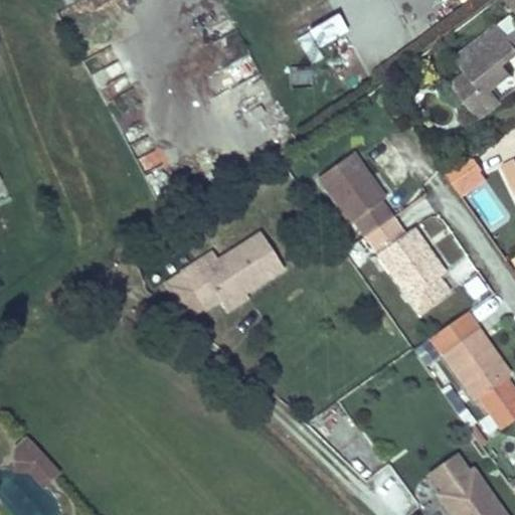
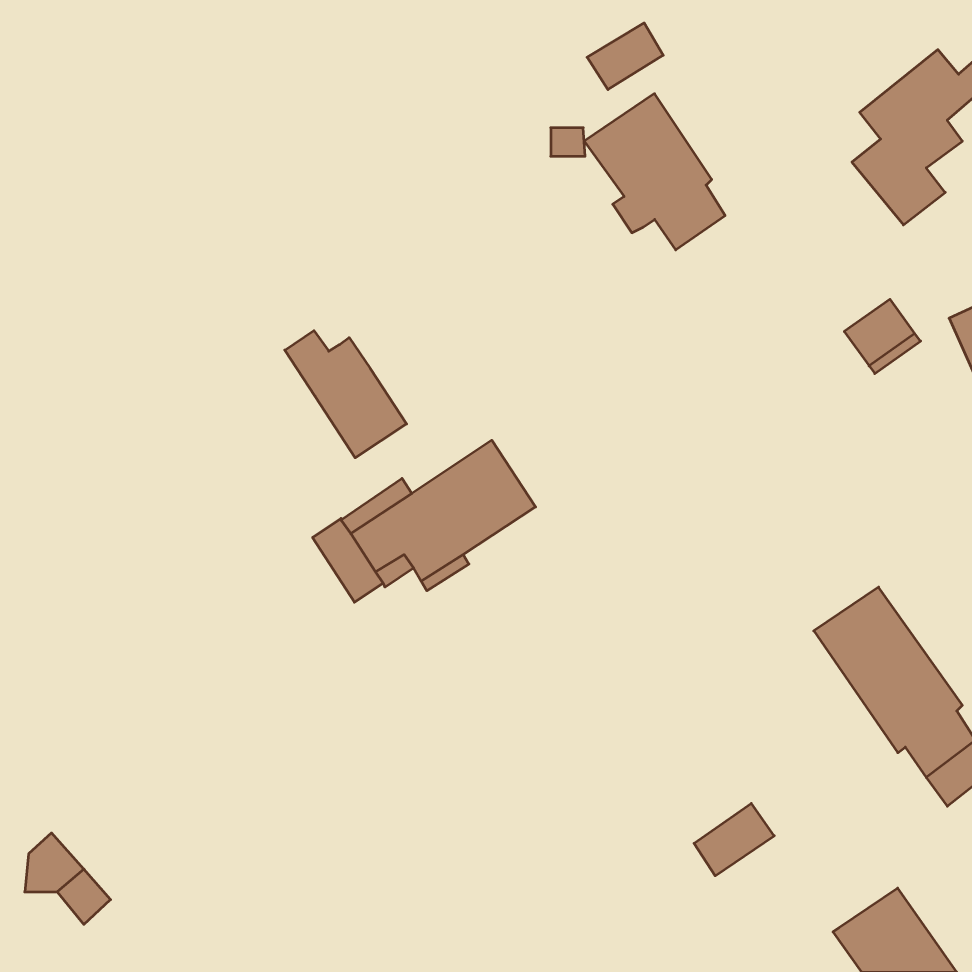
building: [316,151,390,233] -> [584,94,725,250]
building: none -> [285,331,407,458]
building: [348,218,477,313] -> none
building: [433,452,475,490] -> [694,803,774,876]

